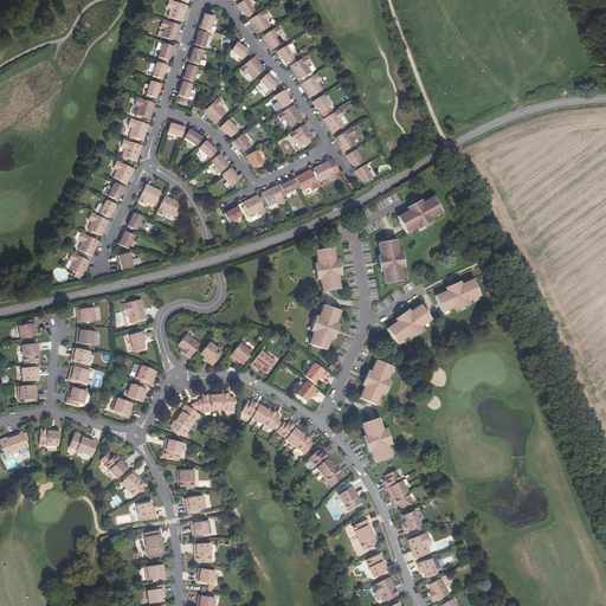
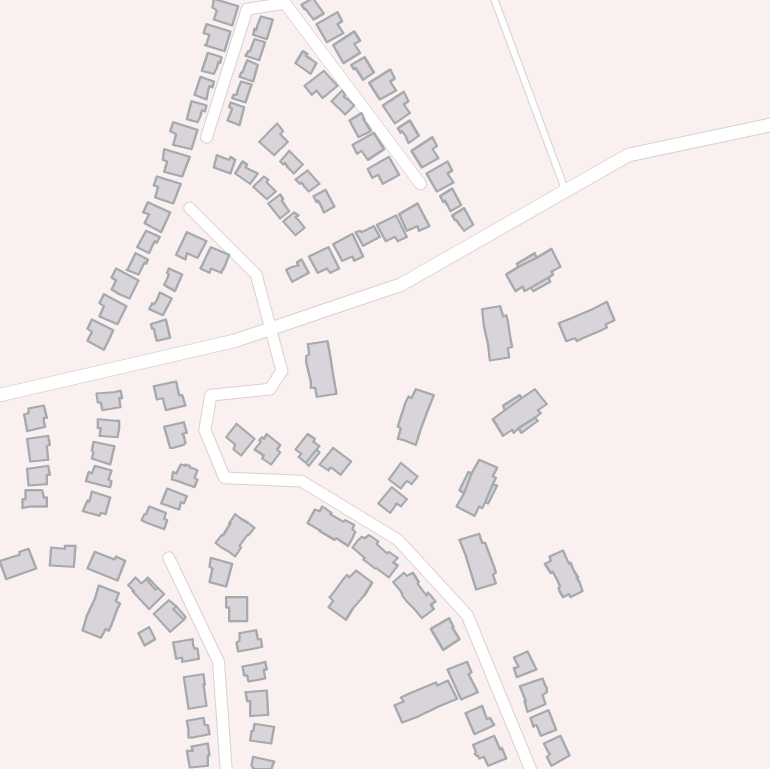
building: [317,246,341,290] -> [306,341,336,397]
building: [434,279,478,310] -> [559,302,614,341]
building: [198,392,234,412] -> none
building: none -> [328,571,372,620]
building: none -> [83,586,120,638]
building: [382,471,412,508] -> [545,550,583,597]
building: none -> [394,681,457,723]

